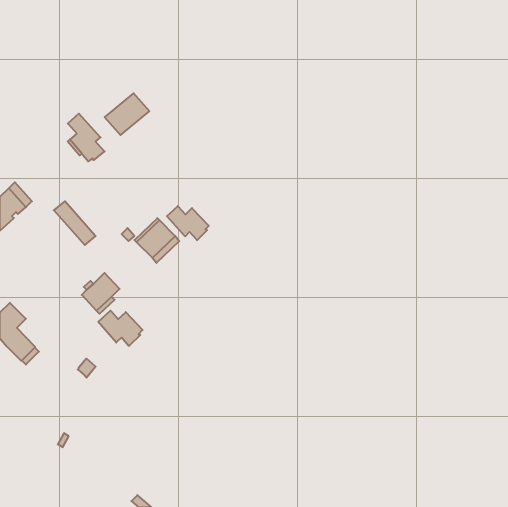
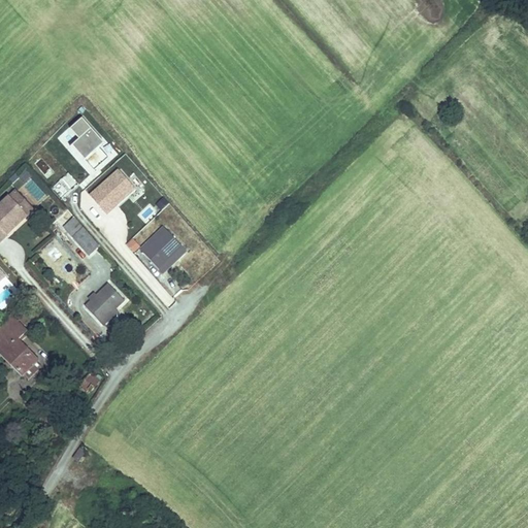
building: [105,93,149,135] -> [89,169,135,212]
building: [167,206,209,240] -> none
building: [98,311,143,346] -> none

